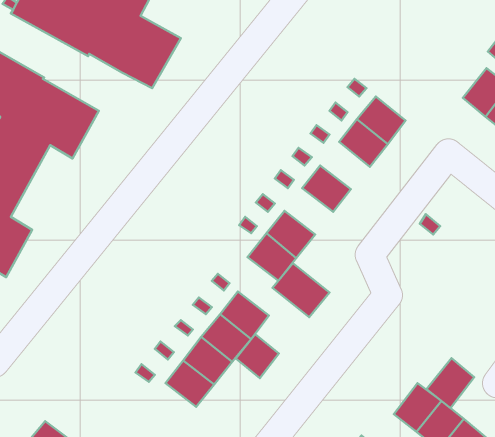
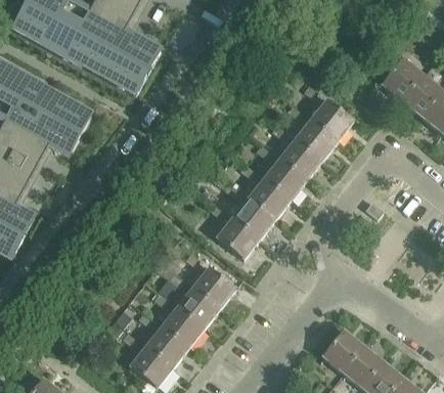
building: none -> [382,58,423,100]
building: none -> [279,138,322,179]
building: none -> [249,178,291,218]
building: [273,263,329,317] -> none
building: [236,334,279,378] -> none
building: [427,358,474,408] -> [322,330,363,373]
building: none -> [130,346,173,387]

